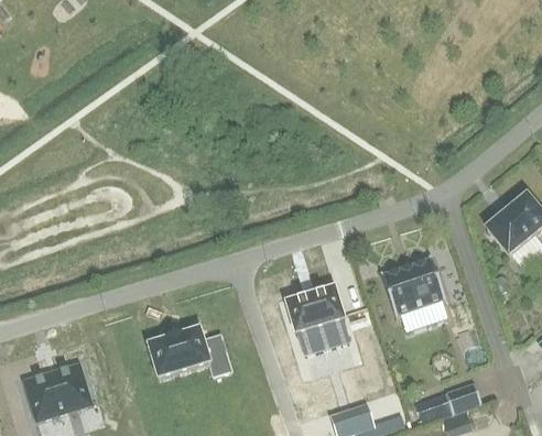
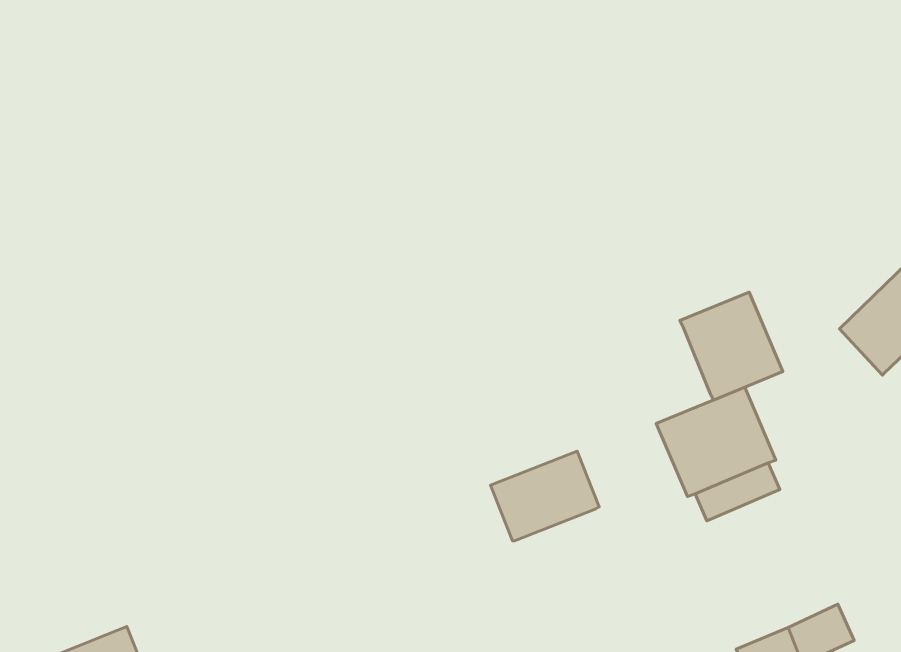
building: none -> [680,292,783,400]
building: [297,319,350,355] -> none
building: [148,328,230,379] -> none

